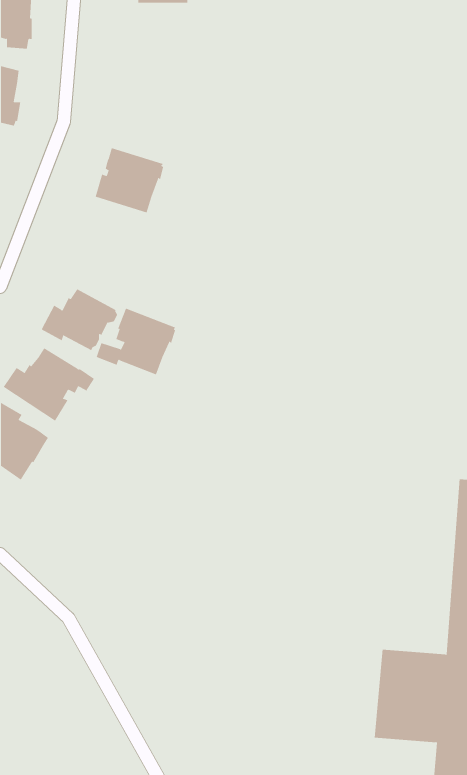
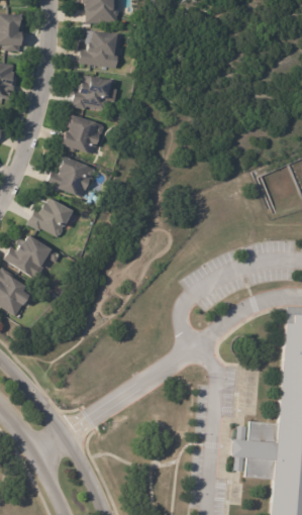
building: none -> [80,31,122,69]
building: none -> [73,77,114,110]
building: [96,308,176,375] -> [44,156,94,197]

